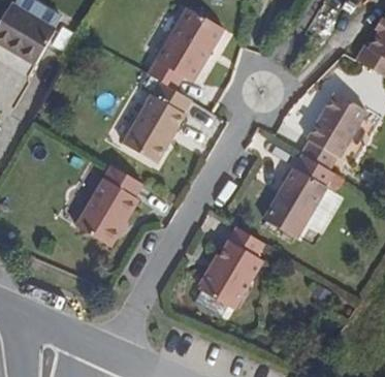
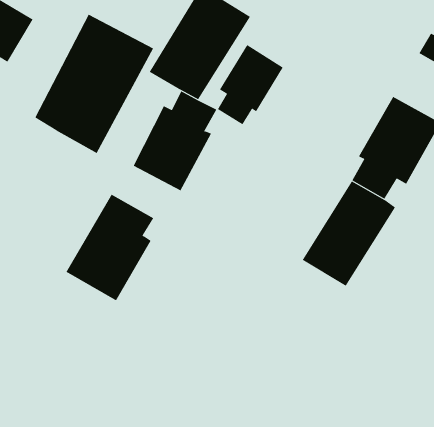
building: none -> [34,14,154,154]
building: none -> [217,44,283,125]
building: [196,225,270,310] -> none

